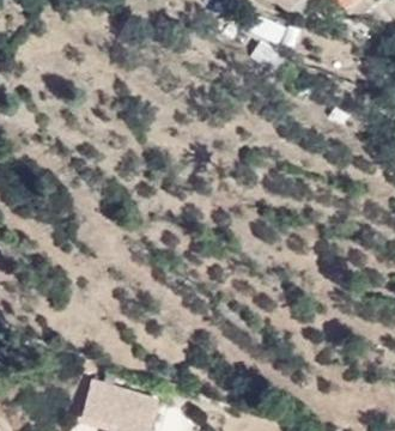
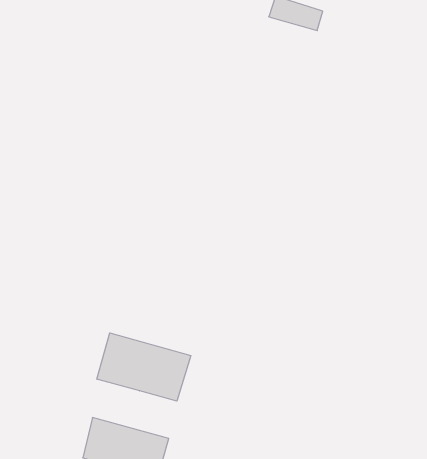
building: none -> [97,333,191,401]

